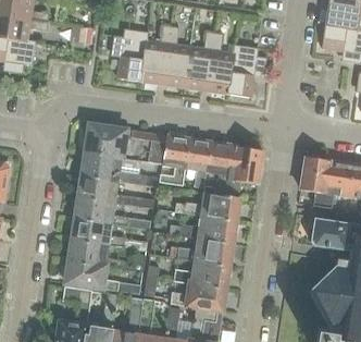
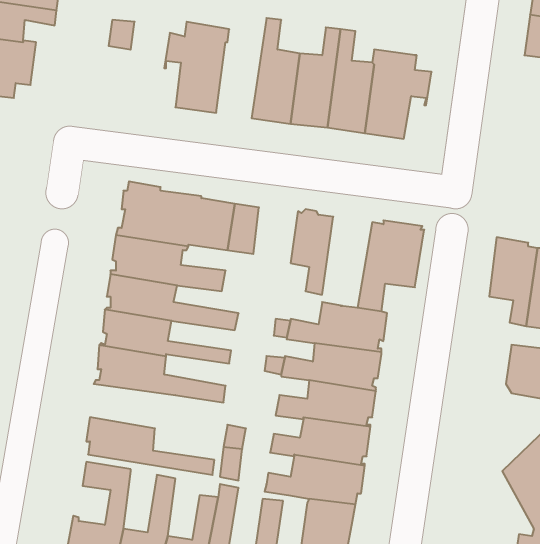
building: [140,24,170,84] -> none
building: [159,134,188,184] -> none
building: [204,141,232,195] -> none
building: [66,240,144,271] -> none

